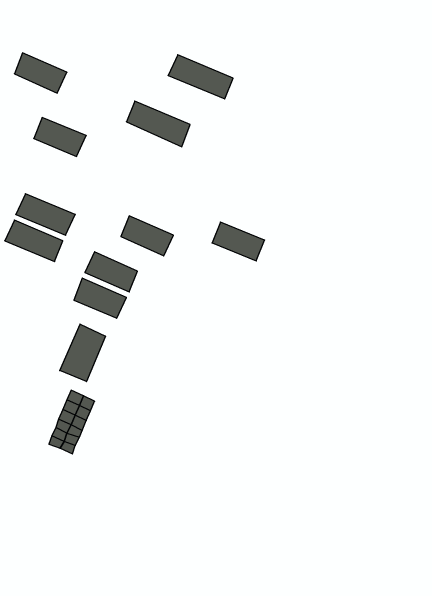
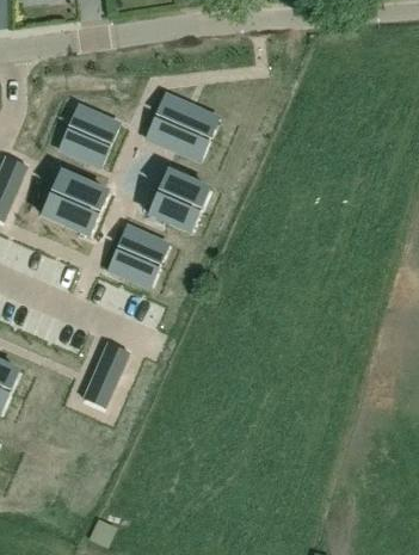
building: [14,53,67,93] -> [63,134,109,168]
building: [168,55,233,99] -> [142,121,198,159]
building: [212,222,265,261] -> [158,173,203,206]
building: [60,324,105,382] -> none

